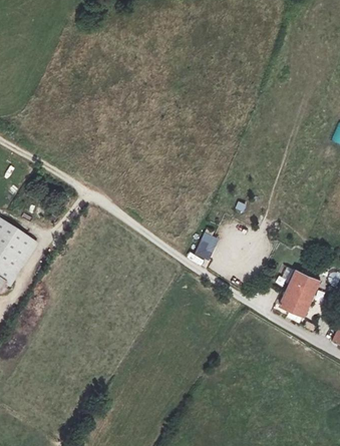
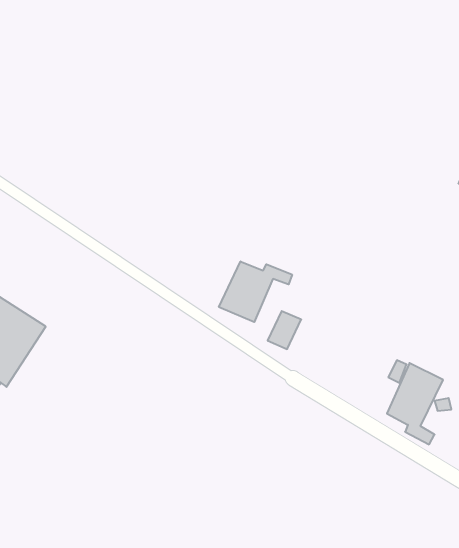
building: none -> [219,261,292,322]

